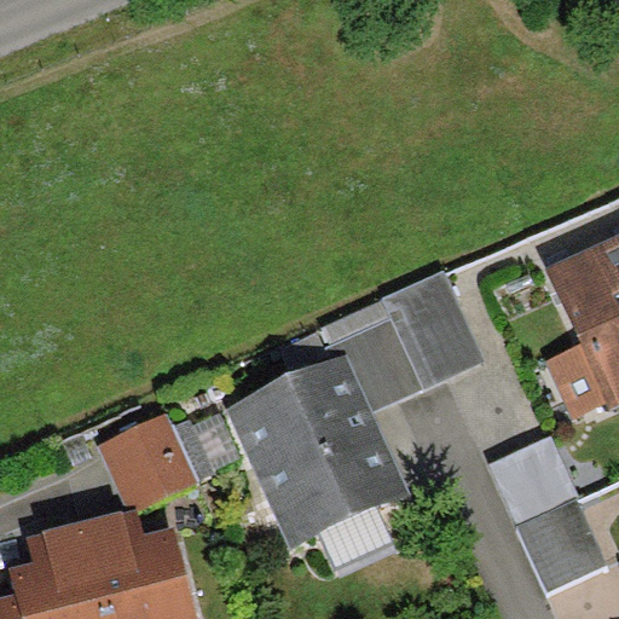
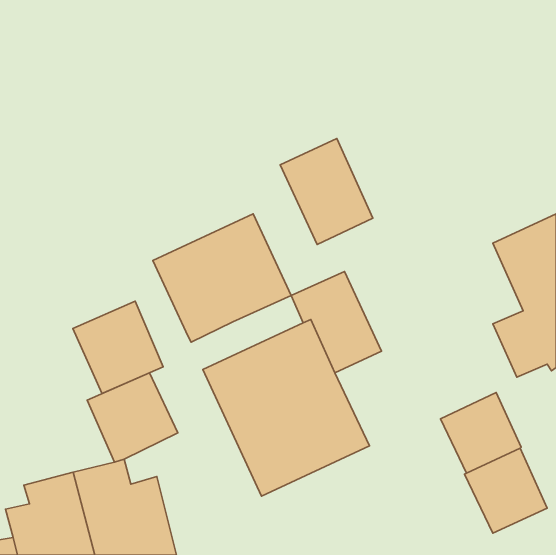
building: none -> [153,214,291,342]
building: [382,272,485,389] -> [280,139,373,244]
building: none -> [73,301,163,393]

